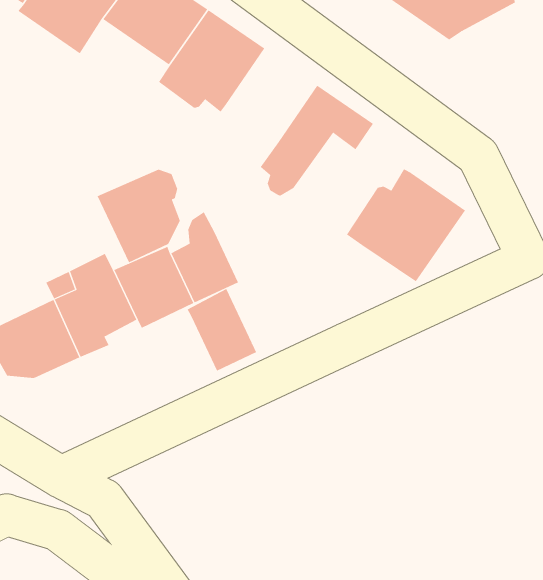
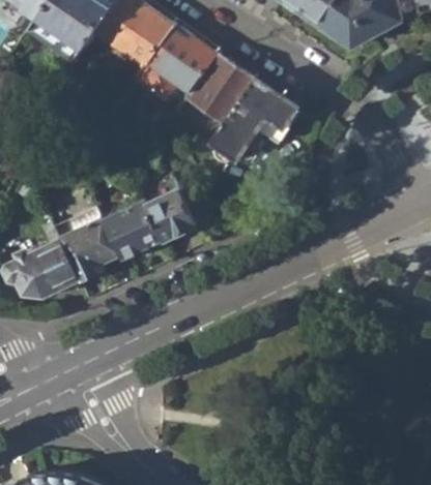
building: none -> [186,54,254,123]
building: [346,168,466,282] -> none
building: [97,169,181,263] -> none
building: [187,288,257,371] -> none

